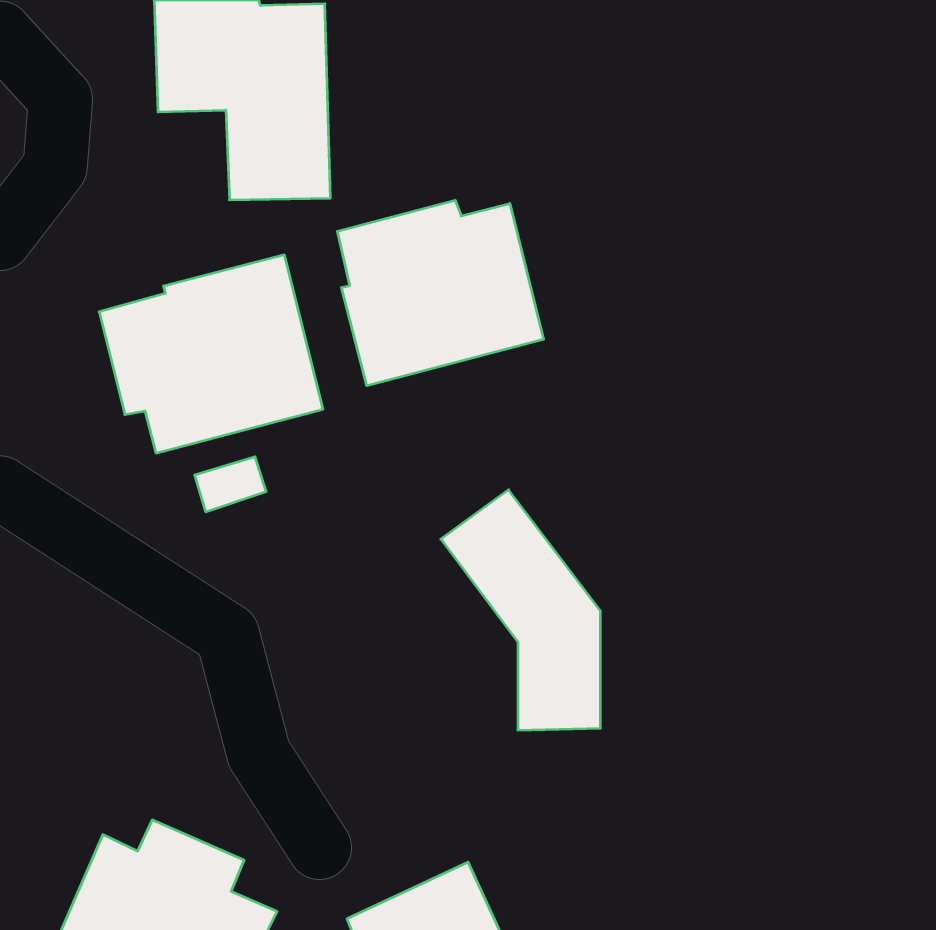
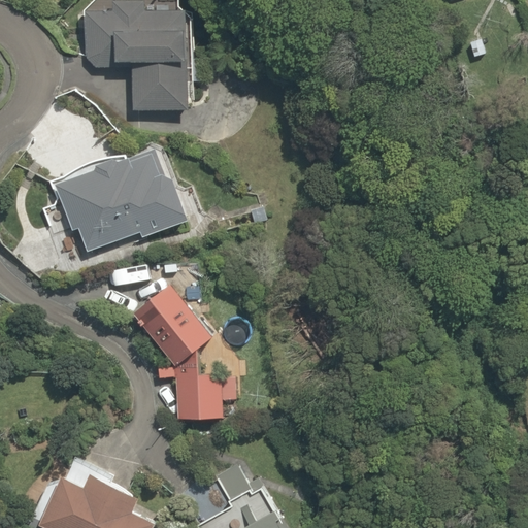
building: [337,200,544,386] -> none
building: [441,490,600,730] -> [132,282,222,417]

